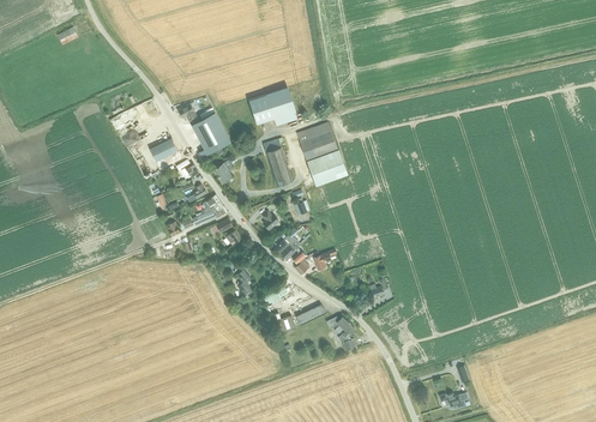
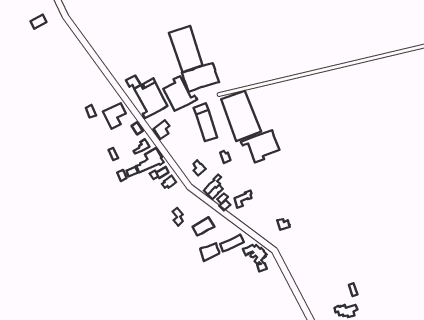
building: none -> [169,26,203,72]
building: none -> [163,76,197,111]
building: none -> [241,130,280,163]

